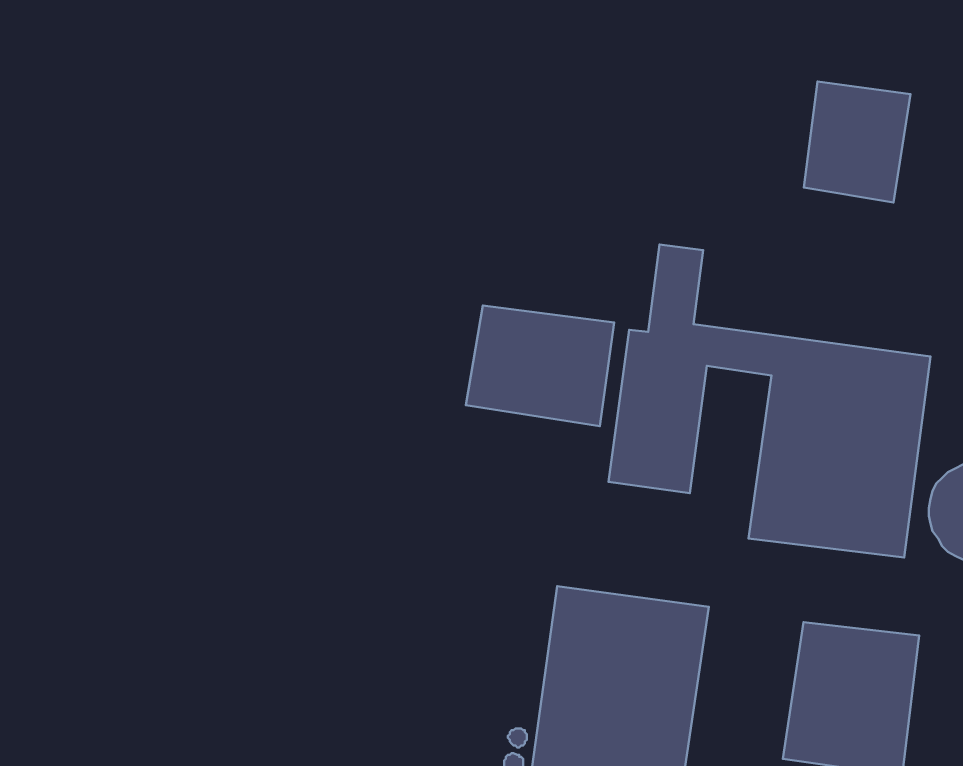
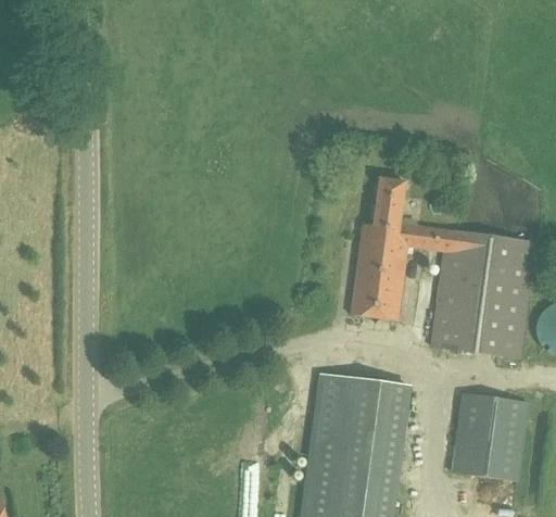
building: [804,82,911,202] -> none
building: [466,306,614,426] -> none

